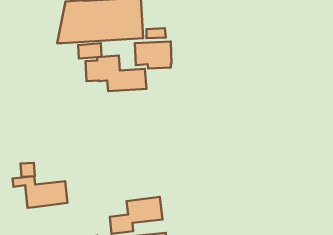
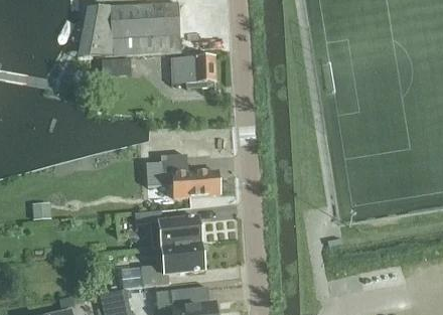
building: [86,55,146,91] -> [146,154,219,197]
building: [13,176,68,208] -> [134,210,200,249]

